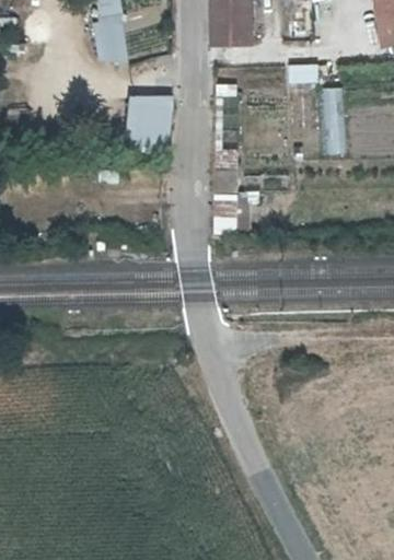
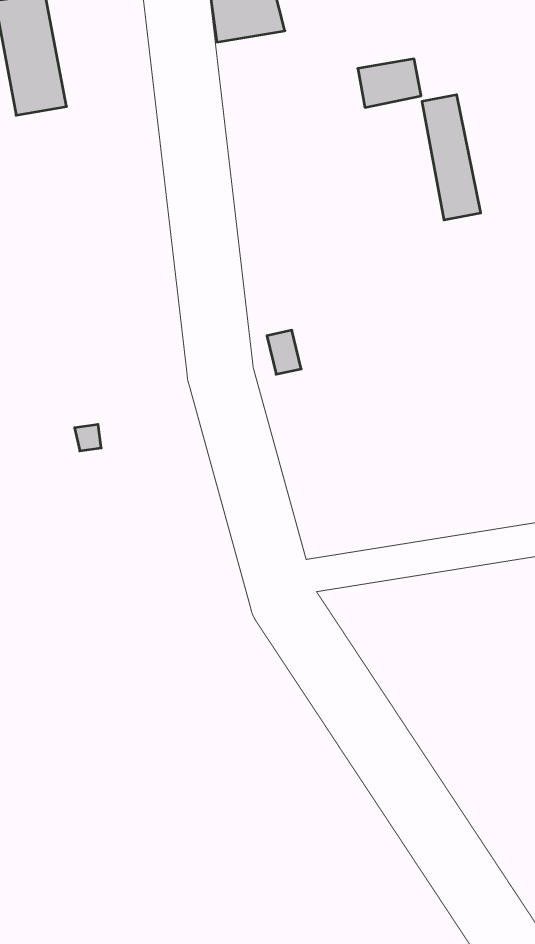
building: [127,96,171,152] -> none

